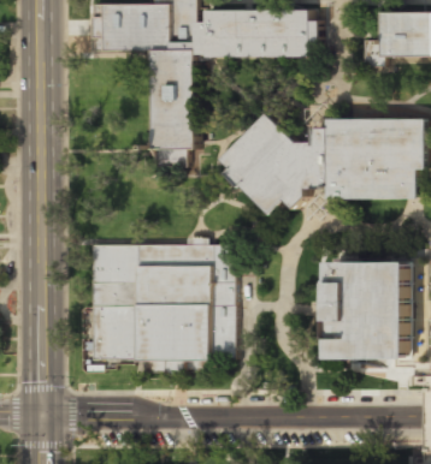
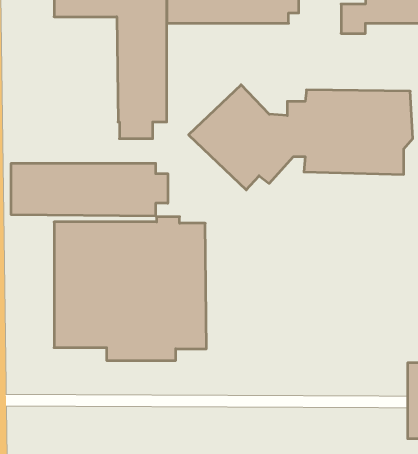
building: none -> [11,163,168,216]
building: [321,257,418,359] -> none

